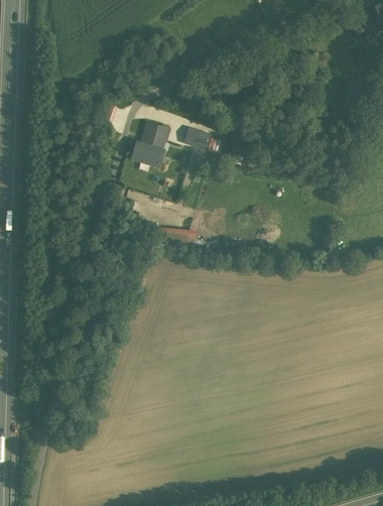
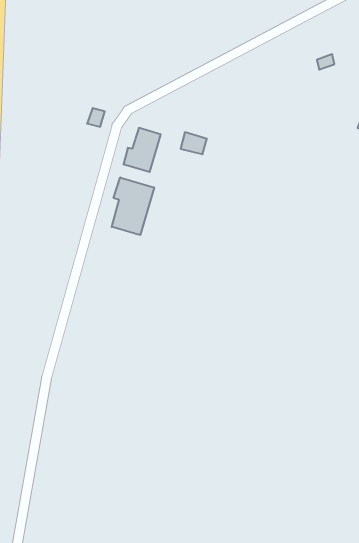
building: none -> [112,177,154,235]

